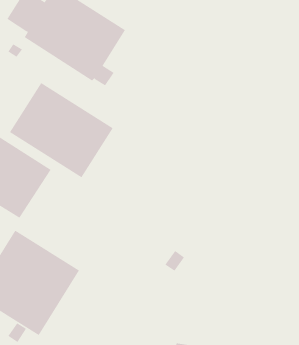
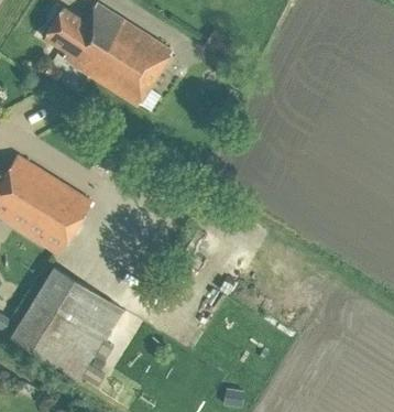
building: [9,82,113,178] -> none

